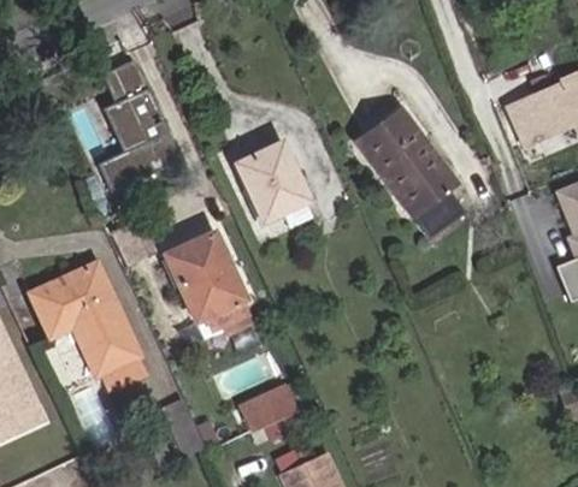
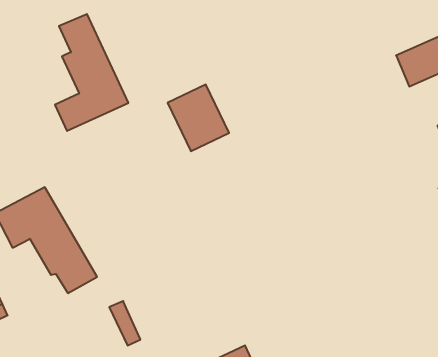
building: [355,108,461,237] -> none
building: [159,231,247,320] -> none
building: [236,376,301,433] -> none

